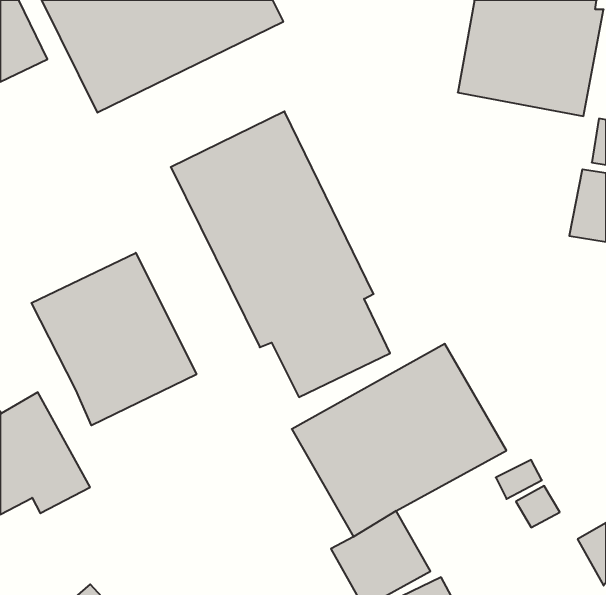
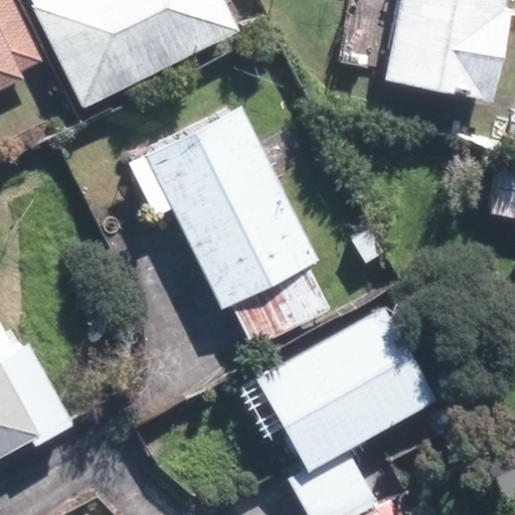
building: [31,253,196,425] -> none

